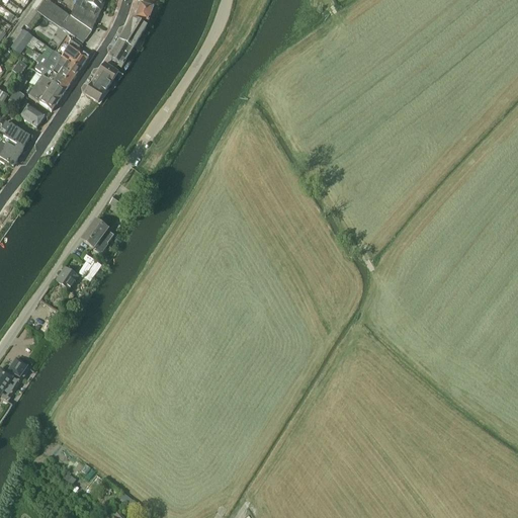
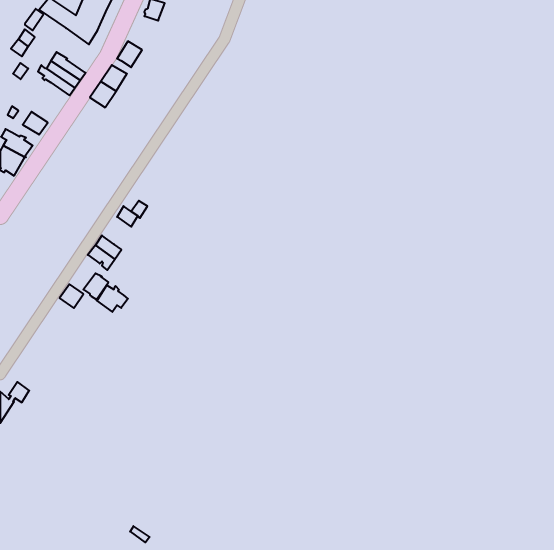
building: [119,16,146,47] -> none
building: [62,37,88,68] -> none
building: [28,74,65,109] -> none
building: none -> [96,285,128,312]

